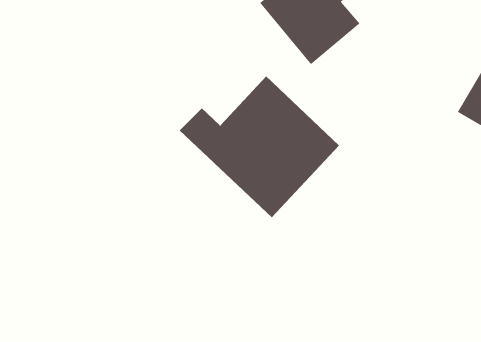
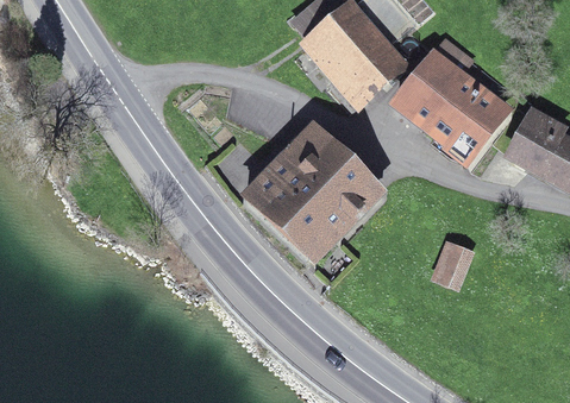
building: none -> [394,52,509,162]
building: none -> [432,238,472,284]

